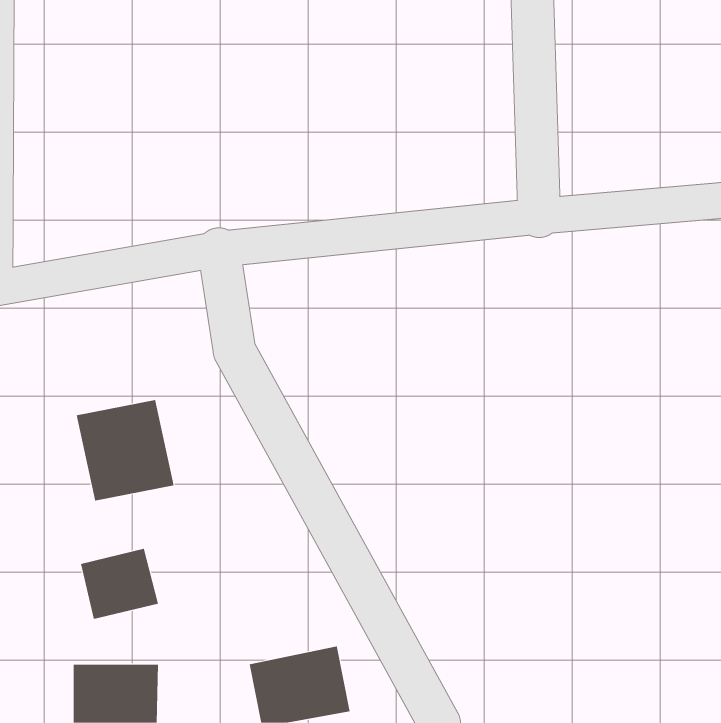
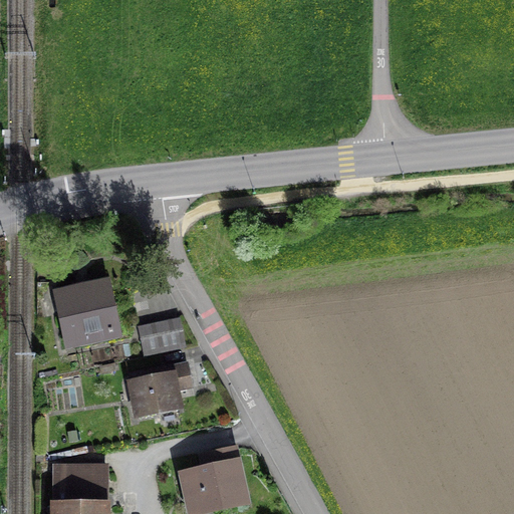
building: none -> [137,316,185,356]
building: [80,548,159,620] -> [127,369,183,420]

